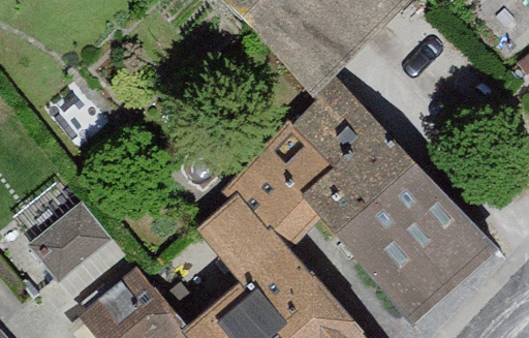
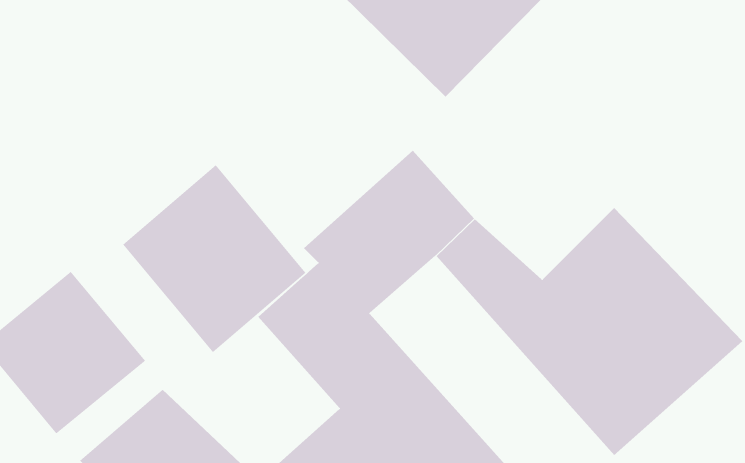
building: [291,83,418,206] -> none
building: none -> [122,164,307,353]

